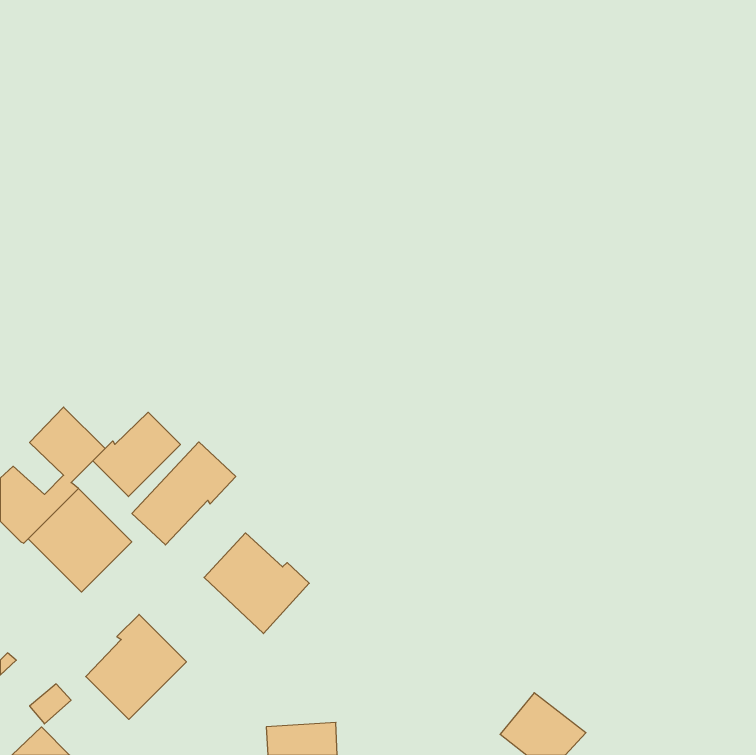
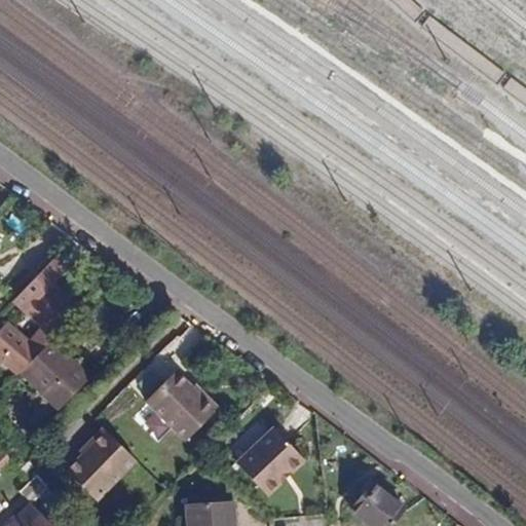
building: [93,412,180,497] -> none
building: [132,442,236,545] -> none
building: none -> [238,427,308,496]

